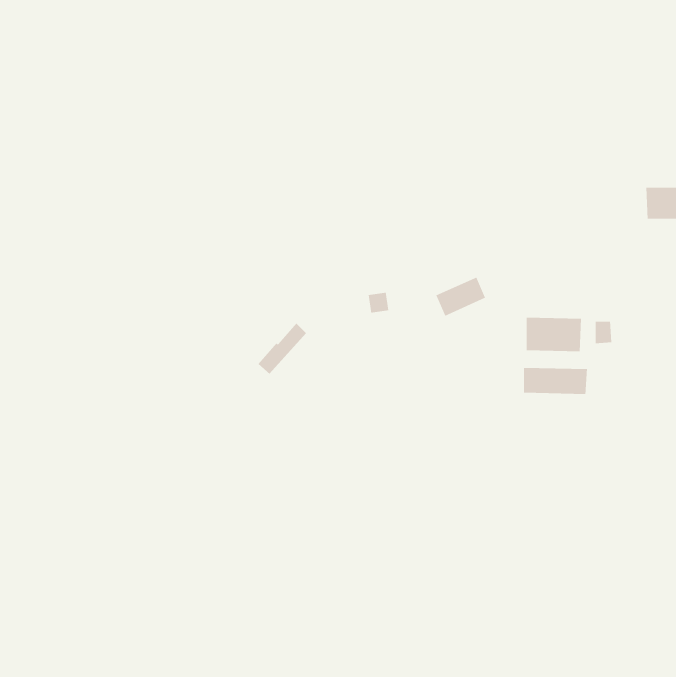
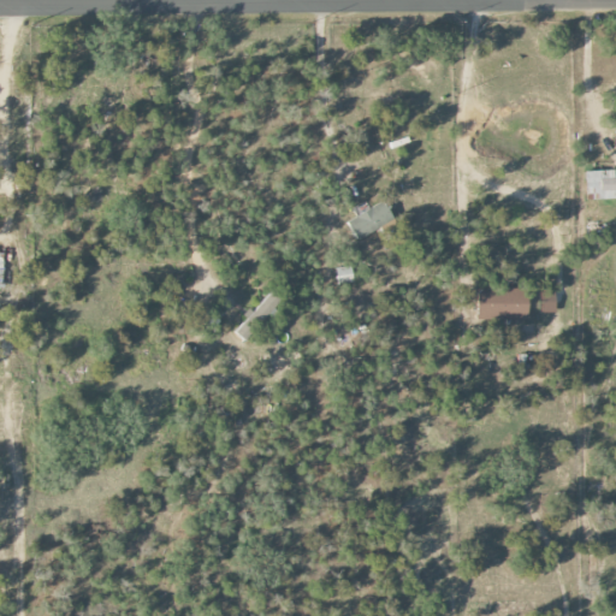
building: [436,277,486,317] -> [349,202,395,238]
building: [524,367,588,395] -> none

